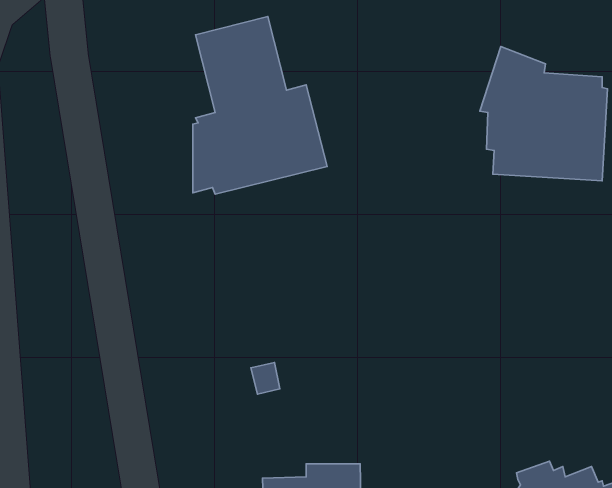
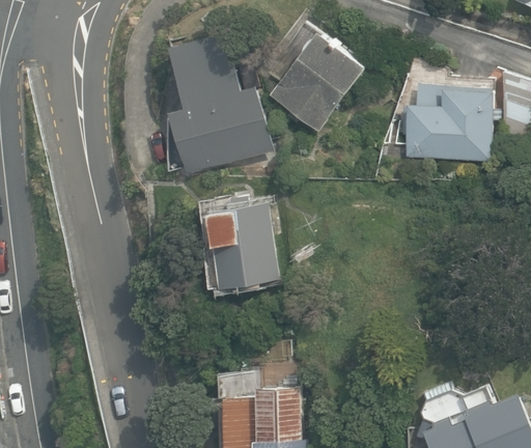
building: none -> [270,32,366,131]
building: none -> [209,197,277,286]

